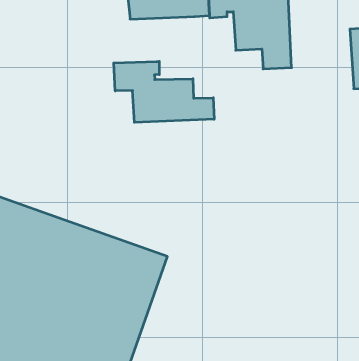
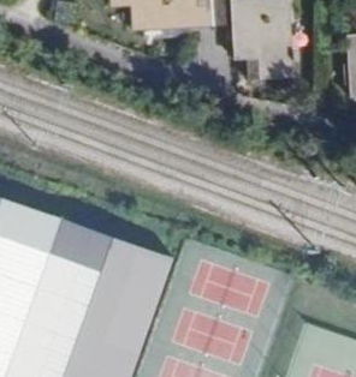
building: [114,61,214,122] -> none

